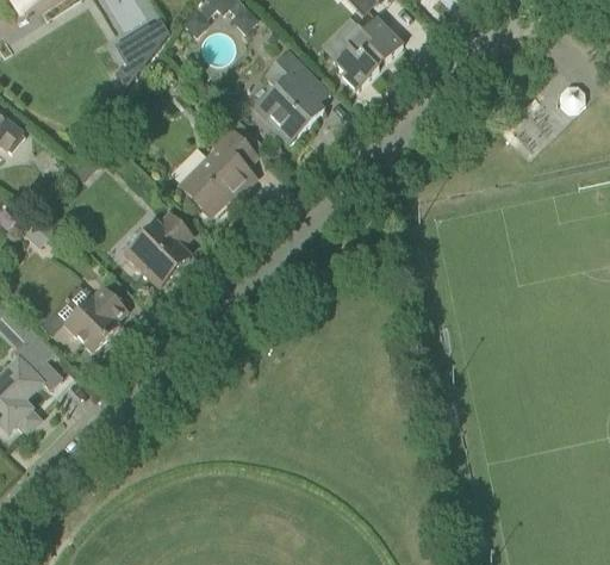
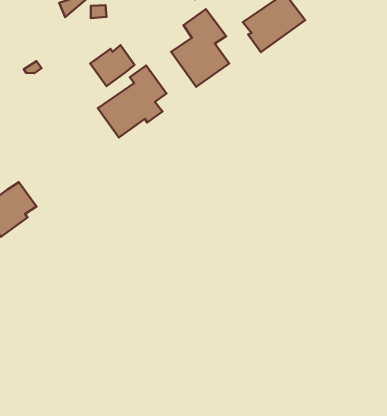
building: none -> [90,45,135,86]
building: [125,212,191,285] -> none

